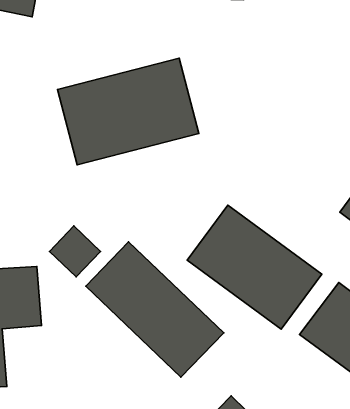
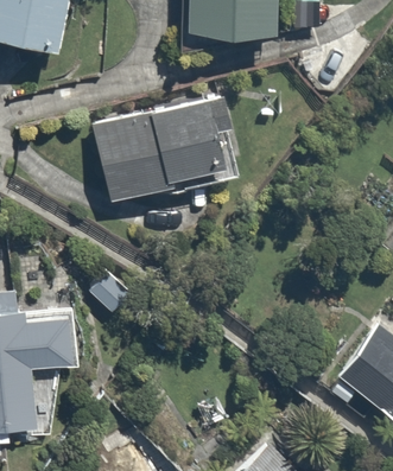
building: [187,205,322,329] -> none
building: [86,242,224,377] -> none

